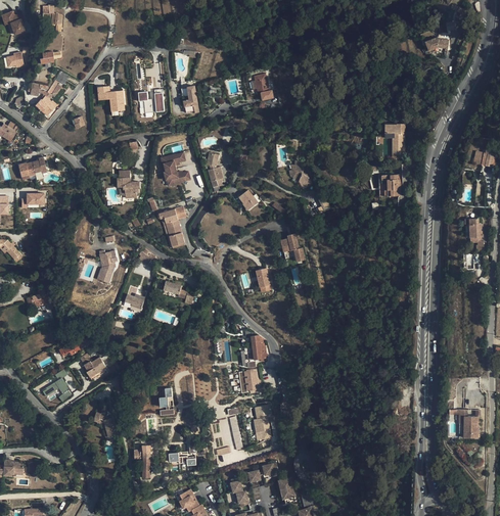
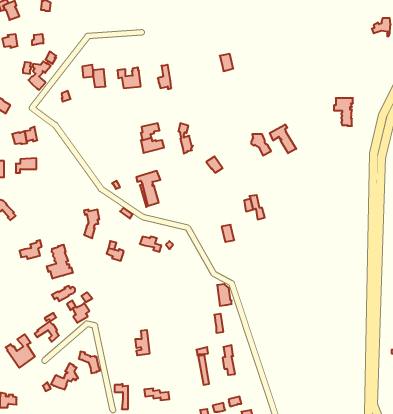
building: none -> [270,124,296,153]
building: [117,171,139,197] -> none
building: [378,175,400,196] -> none
building: none -> [47,245,73,279]
building: none -> [6,334,35,368]
building: none -> [51,363,78,390]

